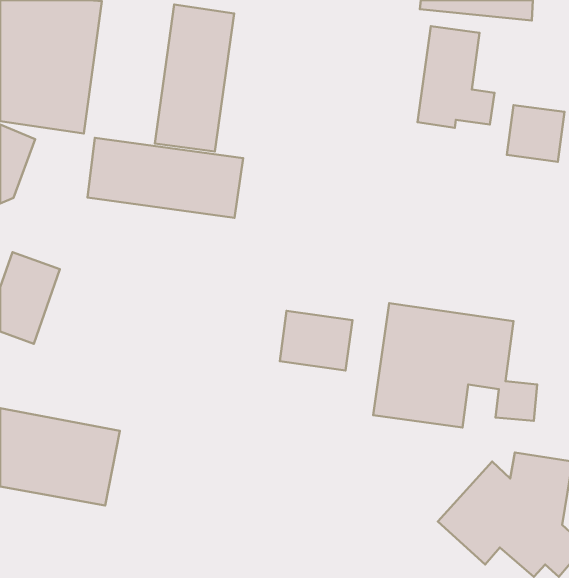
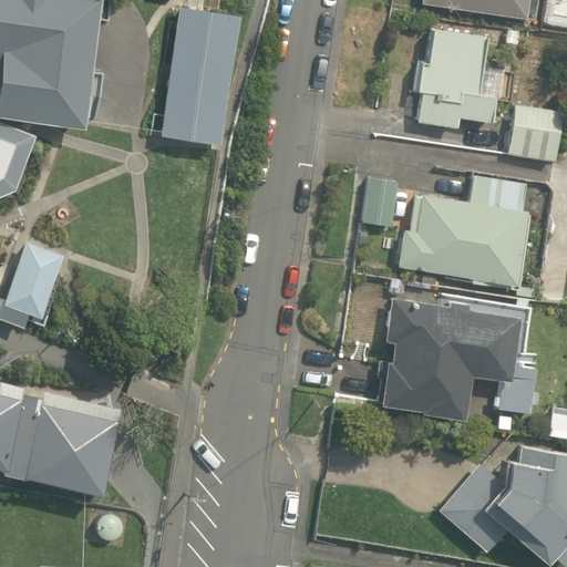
building: [87,138,243,218] -> none
building: none -> [368,173,520,285]
building: [280,311,352,371] -> none

